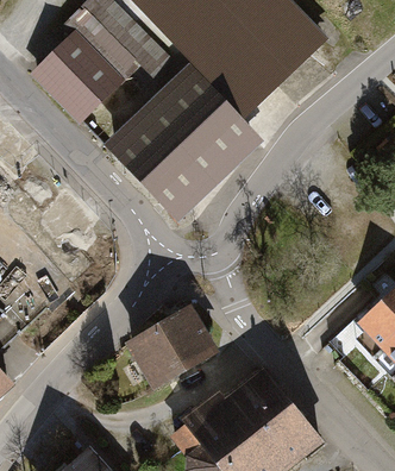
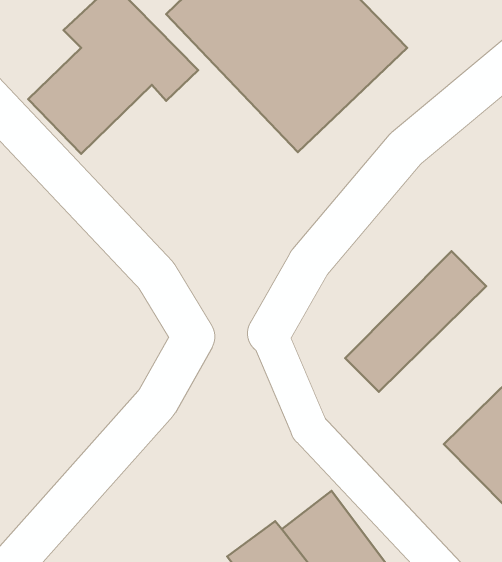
building: [114,74,253,212] -> none
building: none -> [345,251,486,392]
building: [133,306,213,378] -> none

